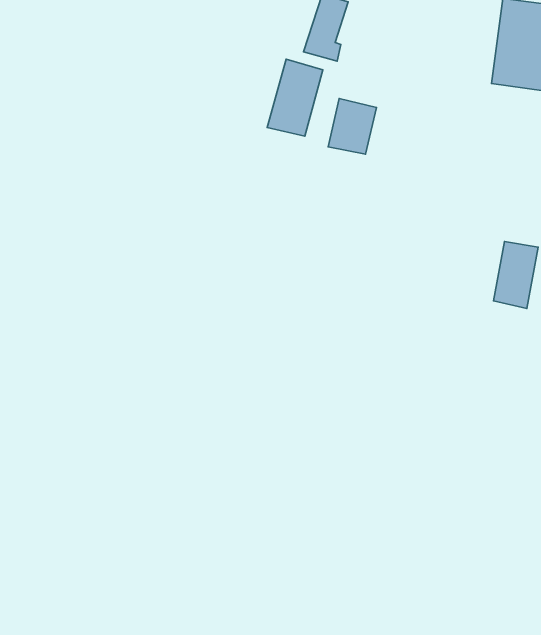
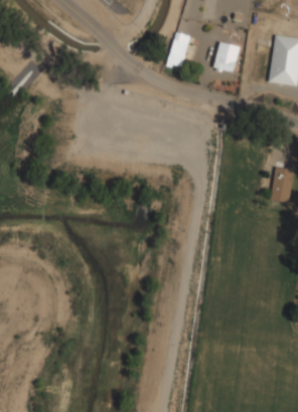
building: [267,59,323,136] -> none
building: [328,98,377,154] -> [213,41,240,71]

